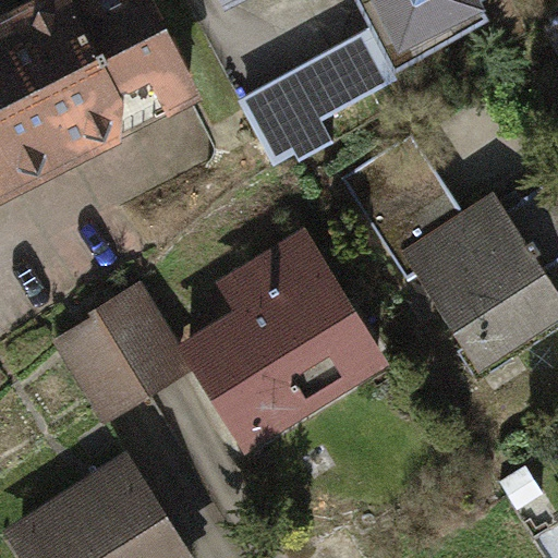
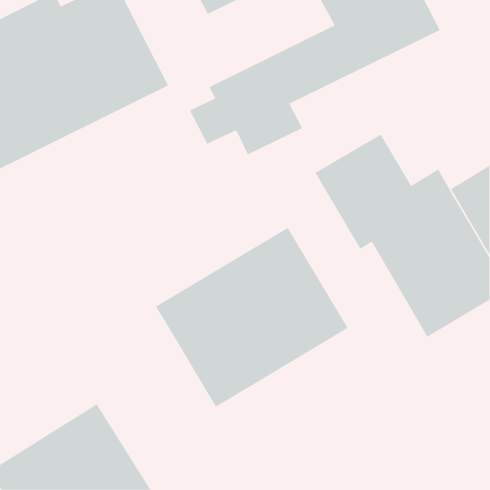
building: [61,299,191,423] -> none

